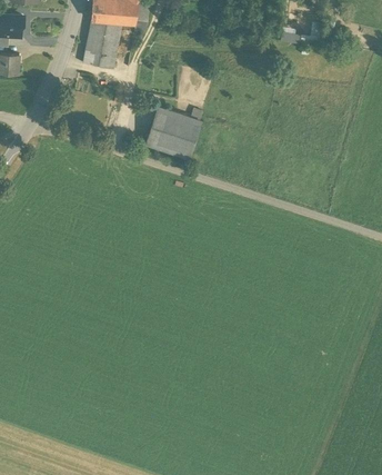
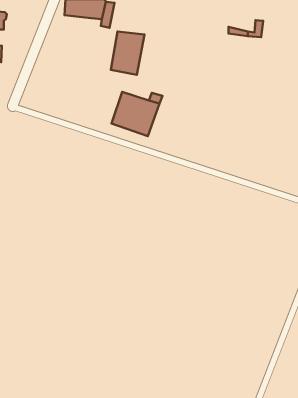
building: [83,19,122,69] -> [111,32,145,75]

